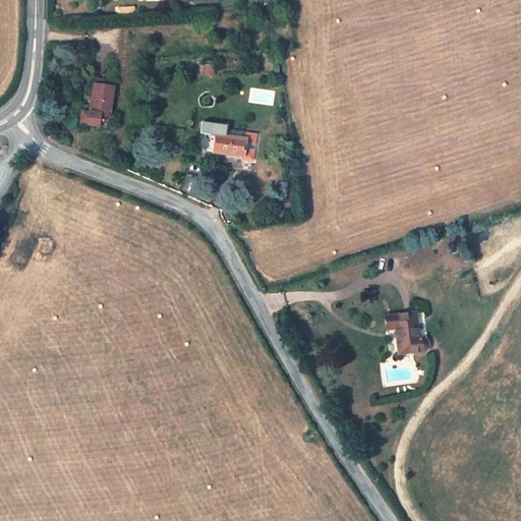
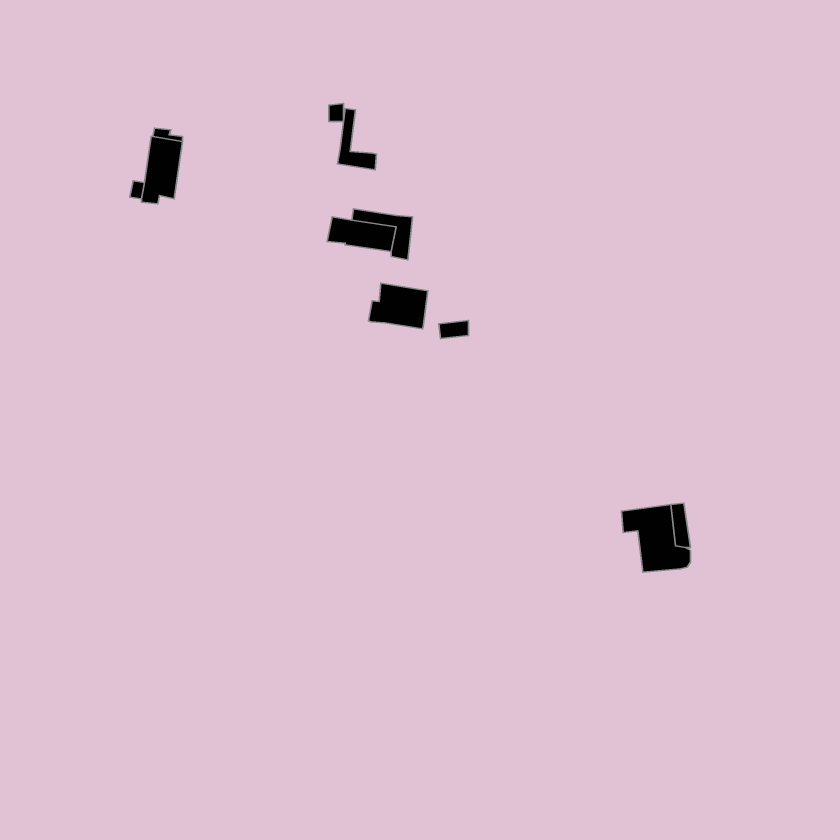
building: none -> [338,108,376,170]
building: none -> [369,283,428,329]

